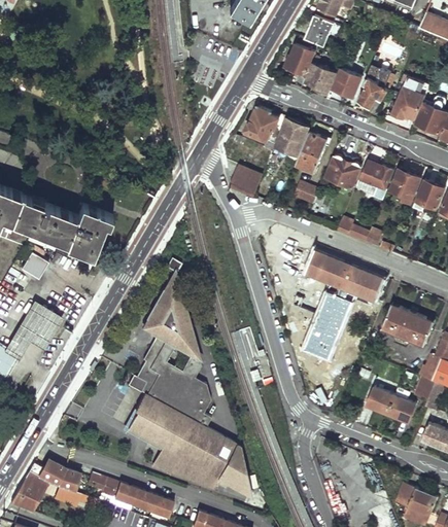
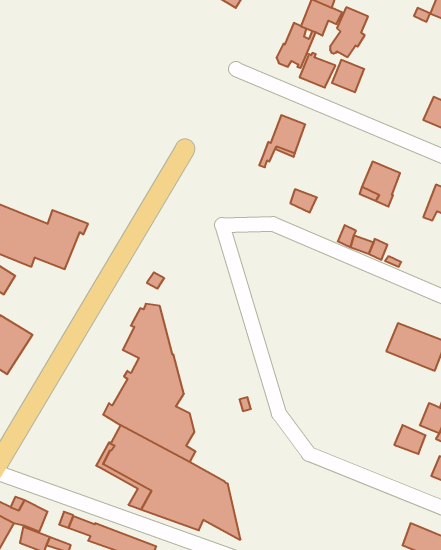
building: [356,65,390,109] -> [330,7,368,57]
building: [390,77,424,122] -> none
building: [246,106,285,155] -> none
building: [296,133,328,174] -> none
building: [325,151,361,188] -> none
building: [229,166,262,197] -> none
building: [390,169,421,202] -> none
building: [305,248,386,301] -> none
building: [305,289,354,358] -> none
building: [366,386,394,412] -> none

